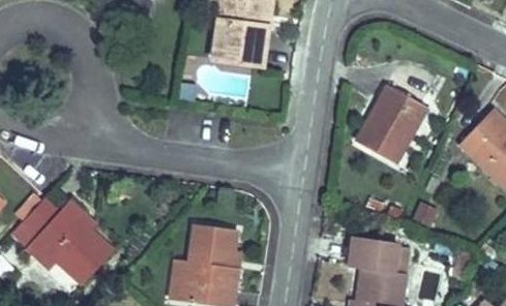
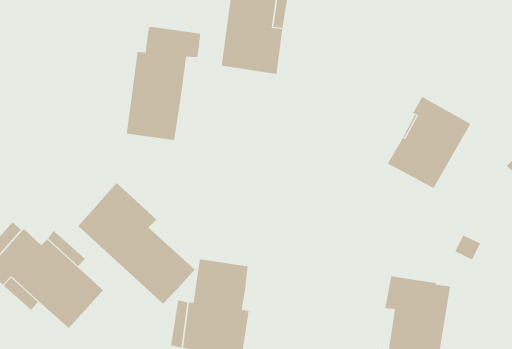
building: none -> [126,26,201,141]
building: none -> [77,182,196,305]

